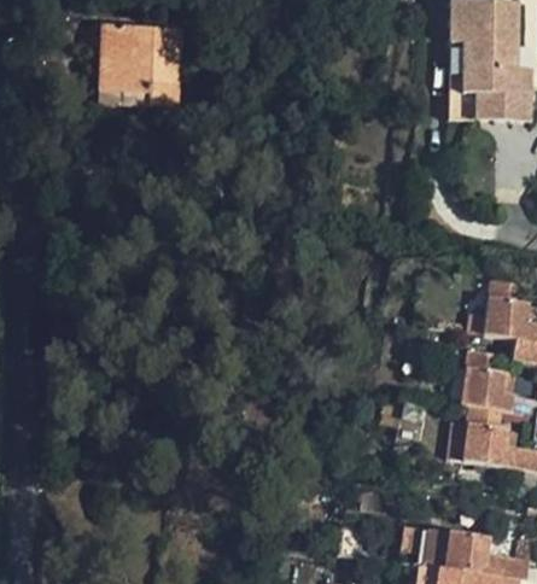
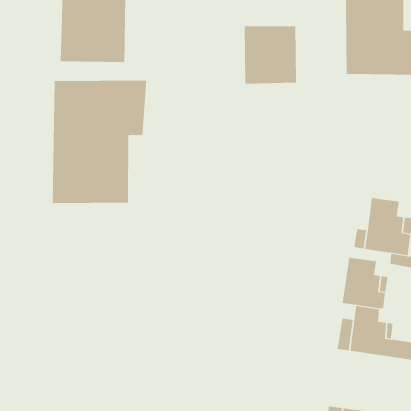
building: none -> [244,25,296,85]
building: none -> [52,80,147,204]

